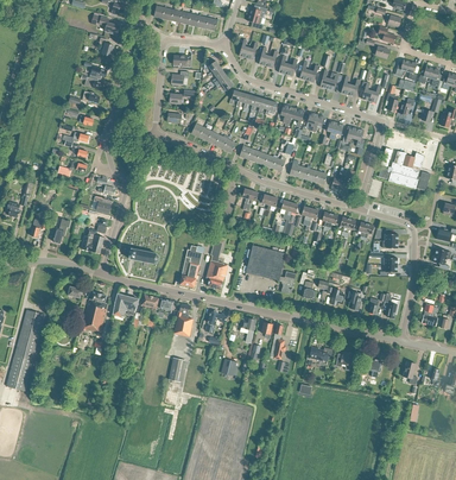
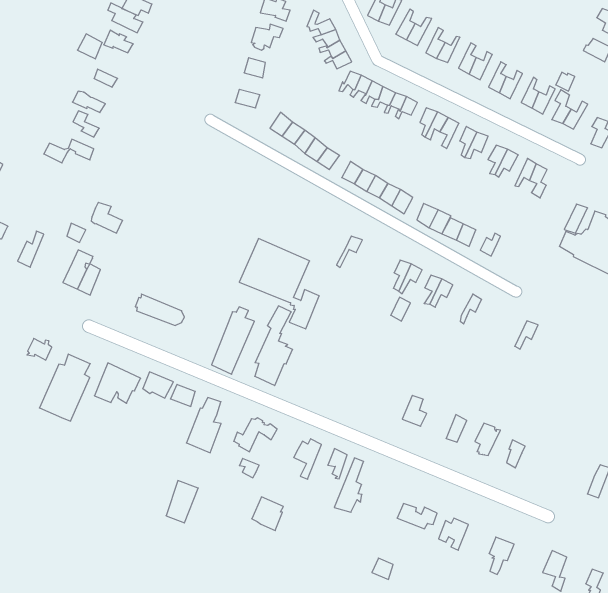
building: [246,244,296,293] -> [239,239,319,329]

